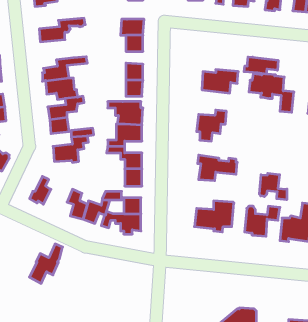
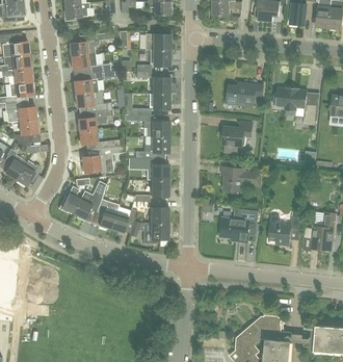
building: none -> [70,54,102,74]
building: [244,57,278,74] -> none
building: [259,173,287,200] -> none
building: [29,244,63,283] -> [73,182,105,221]

